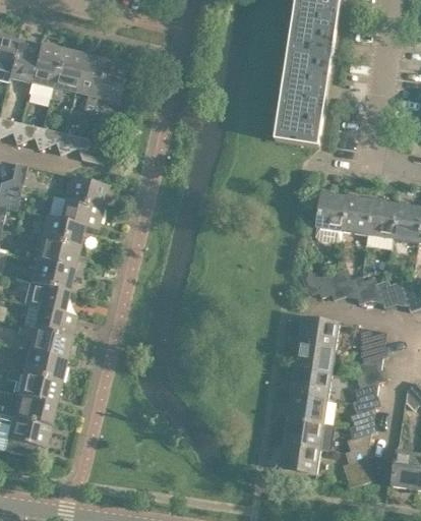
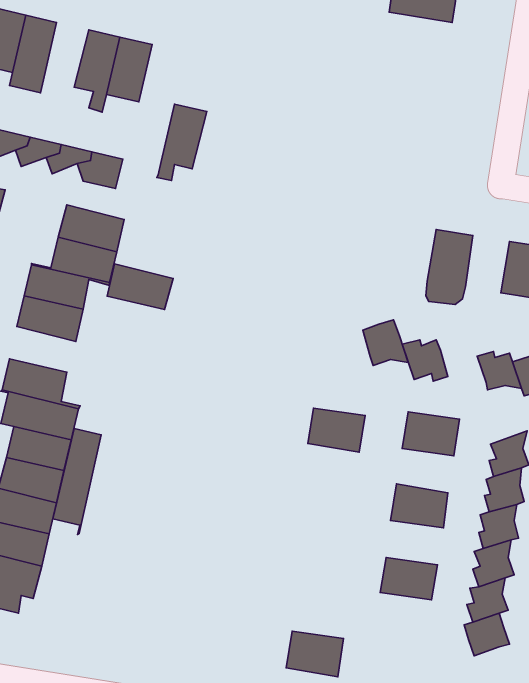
building: [276,41,334,147] -> none
building: [48,48,82,101] -> [157,104,207,181]
building: [343,195,373,235] -> none
building: [27,258,73,290] -> [107,264,173,310]
building: [325,268,357,299] -> [363,320,408,365]
building: none -> [53,429,101,535]
building: [295,343,335,373] -> [308,408,365,452]
building: [288,393,327,423] -> none
building: [280,443,319,474] -> [286,631,344,677]

